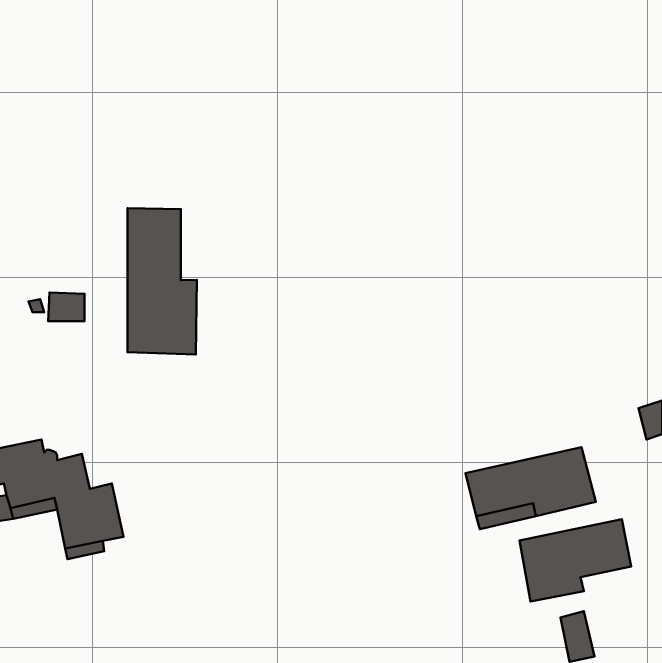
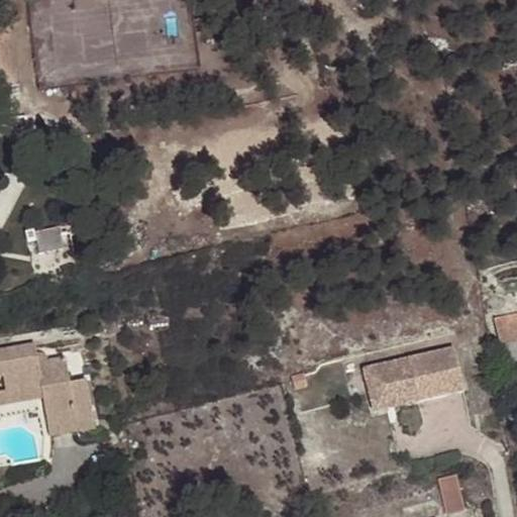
building: [128,208,197,354] -> none
building: [519,519,631,601] -> none

